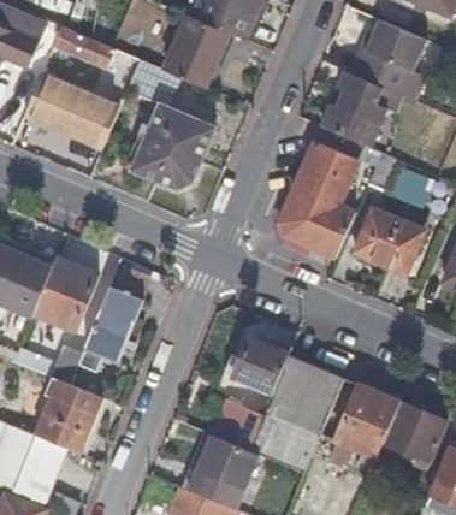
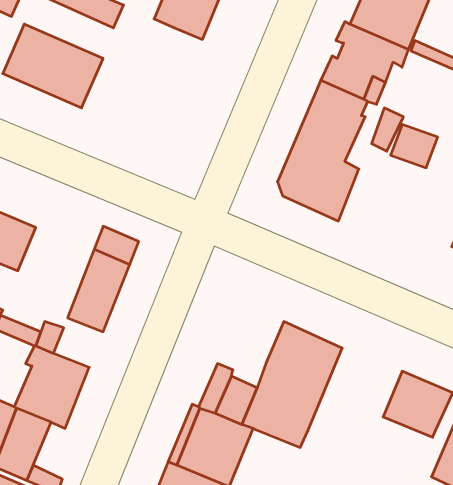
building: [128,58,217,188] -> none
building: [357,209,425,274] -> none
building: [31,254,99,335] -> none
building: [230,338,286,393] -> none
building: [309,379,398,479] -> none

